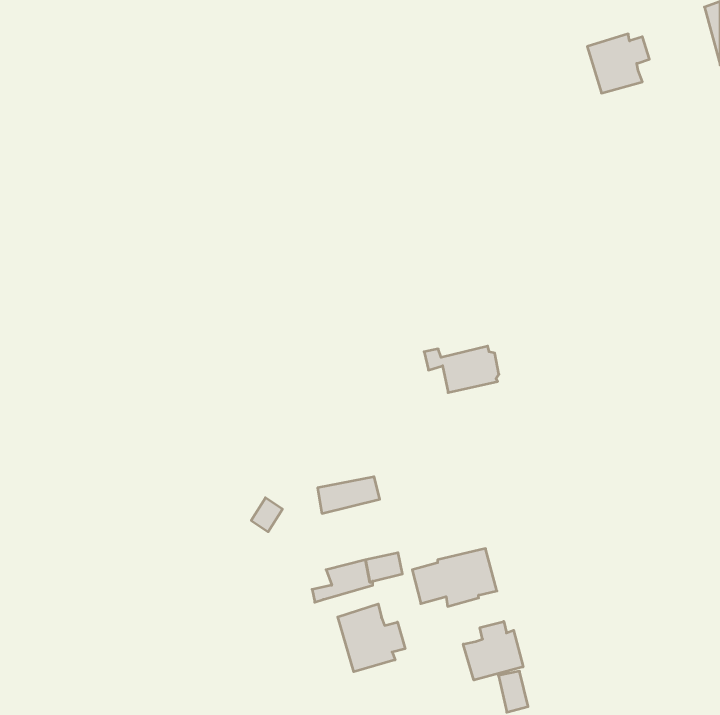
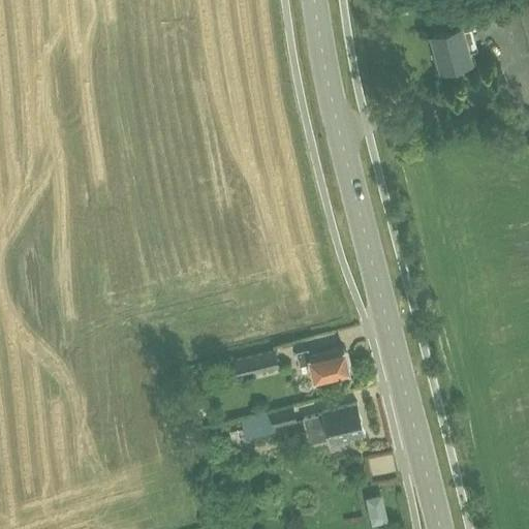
building: [424,346,499,393] -> [295,351,350,385]
building: [338,604,405,672] -> none
building: [463,621,523,680] -> none

